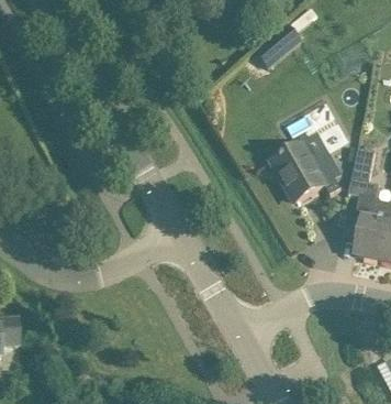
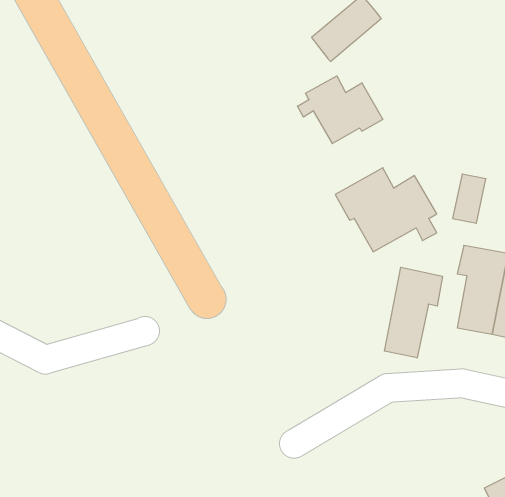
building: none -> [297,76,383,144]
building: none -> [384,267,442,358]

